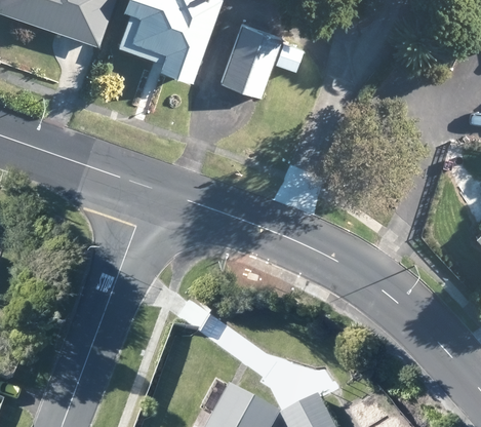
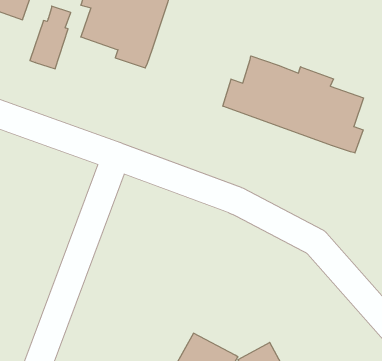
building: [222,27,282,99] -> none
building: none -> [223,56,364,153]

